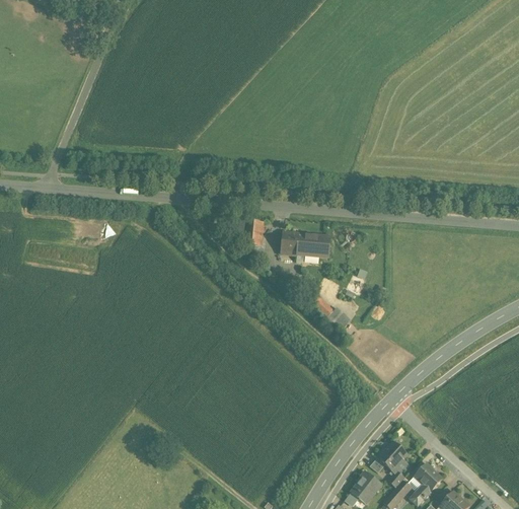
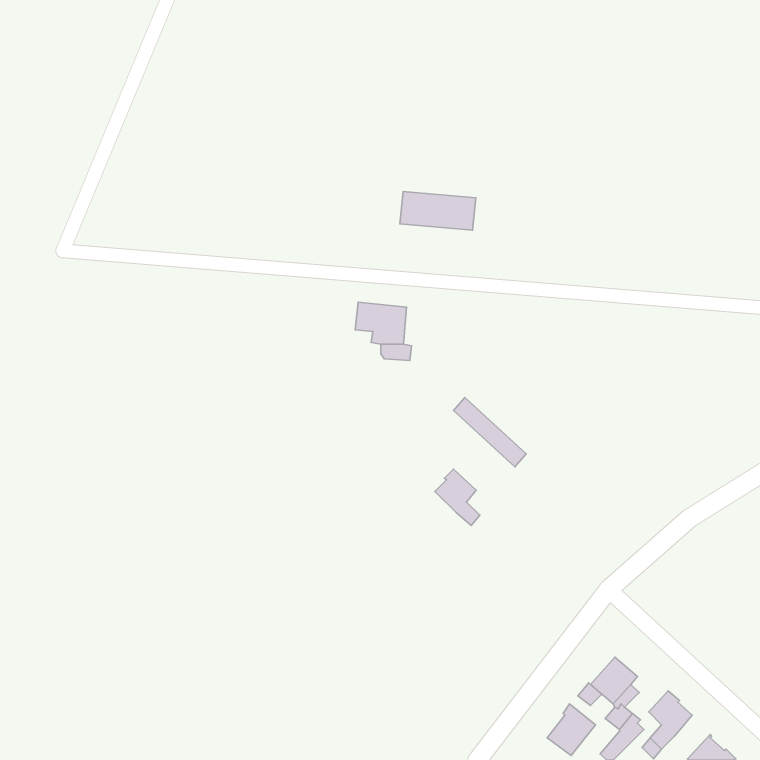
building: [282,232,329,257] -> [400,191,476,230]
building: none -> [435,469,480,525]

